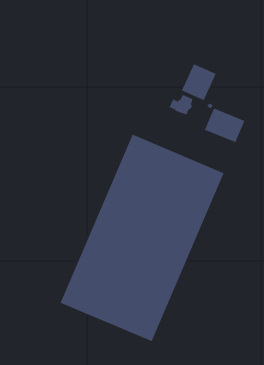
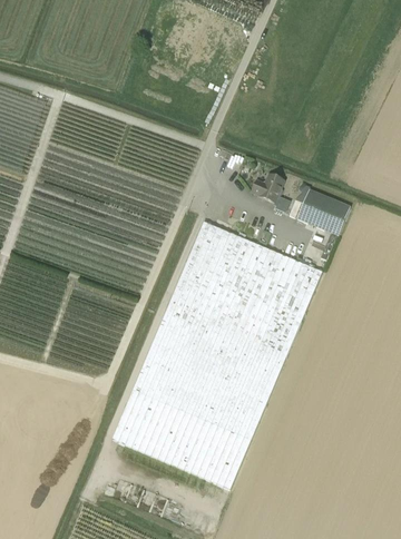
building: [181,63,217,101] -> none

